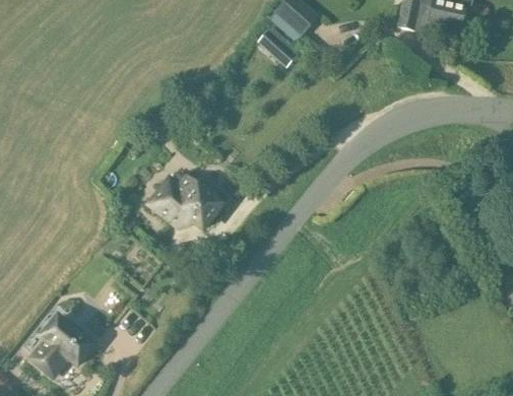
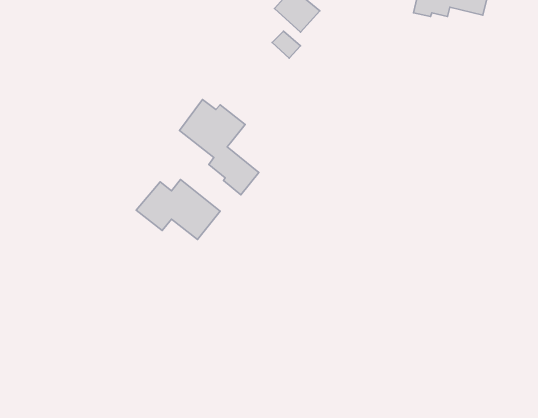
building: none -> [179,100,259,195]
building: [29,316,90,376] -> none

